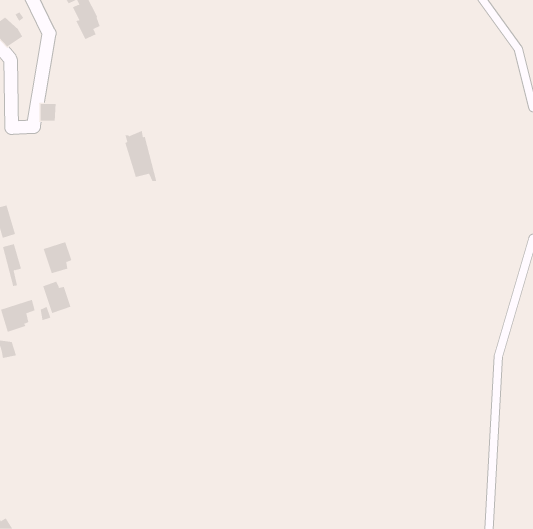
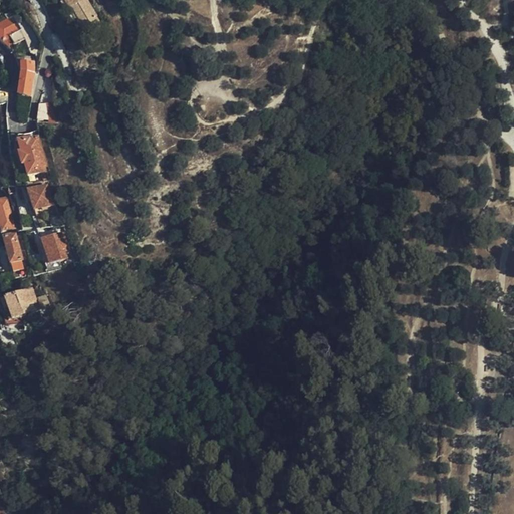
building: none -> [17,61,33,96]
building: [125,130,157,182] -> [17,130,48,179]
building: none -> [26,183,52,208]
building: [42,281,71,314] -> none

